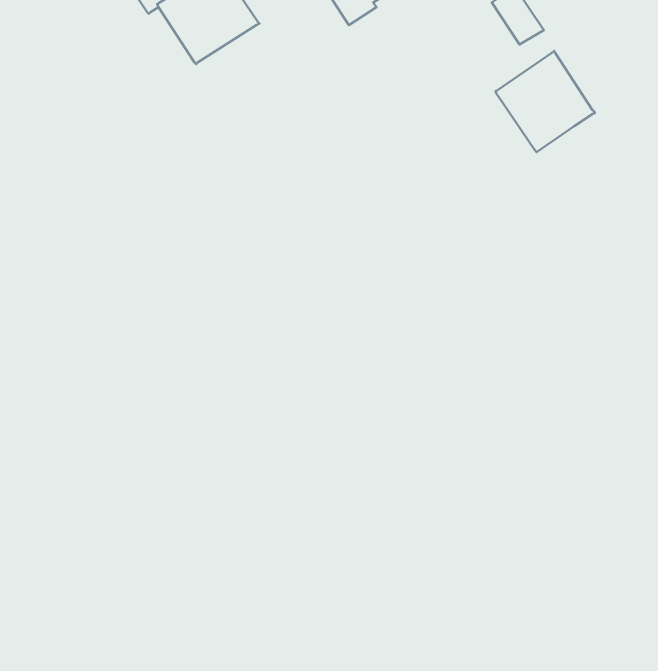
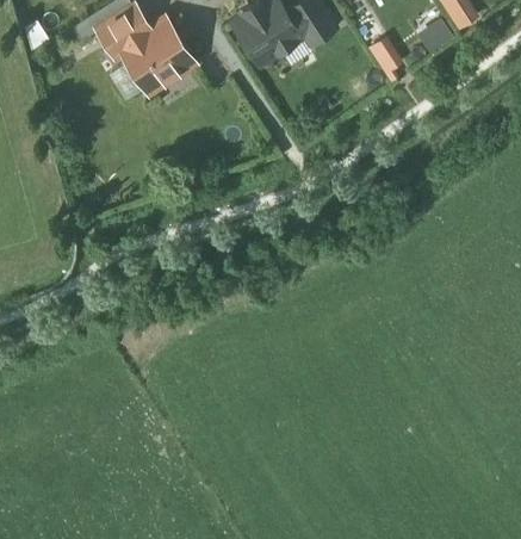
building: [495,51,595,152] -> none

